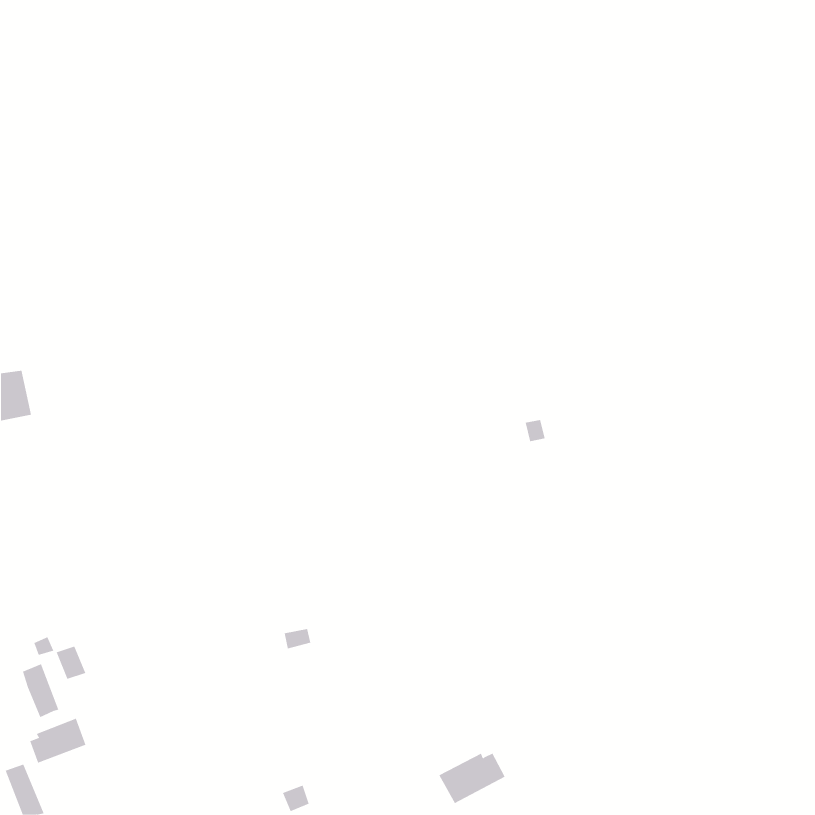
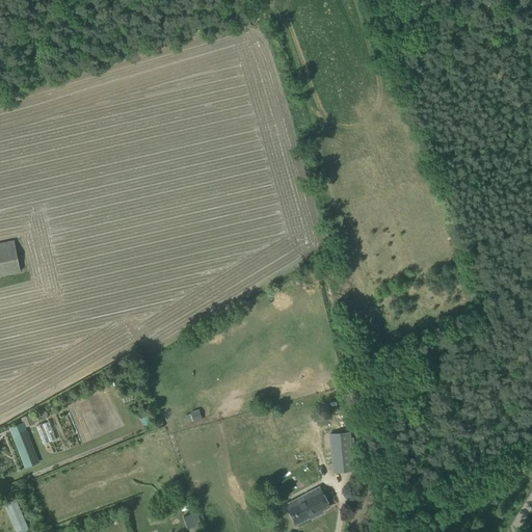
building: none -> [329,432,353,472]
building: [29,718,86,763] -> none

